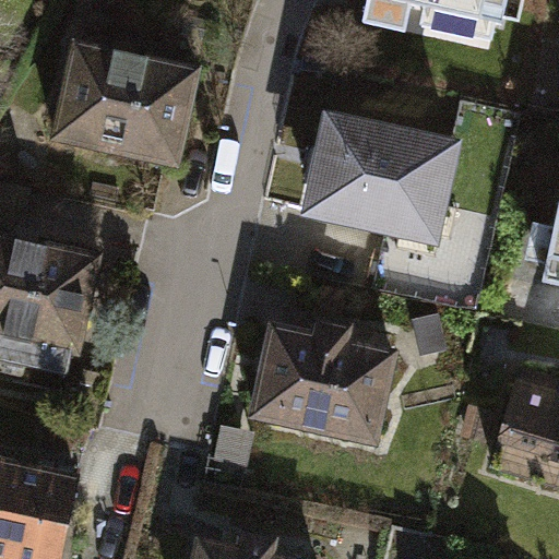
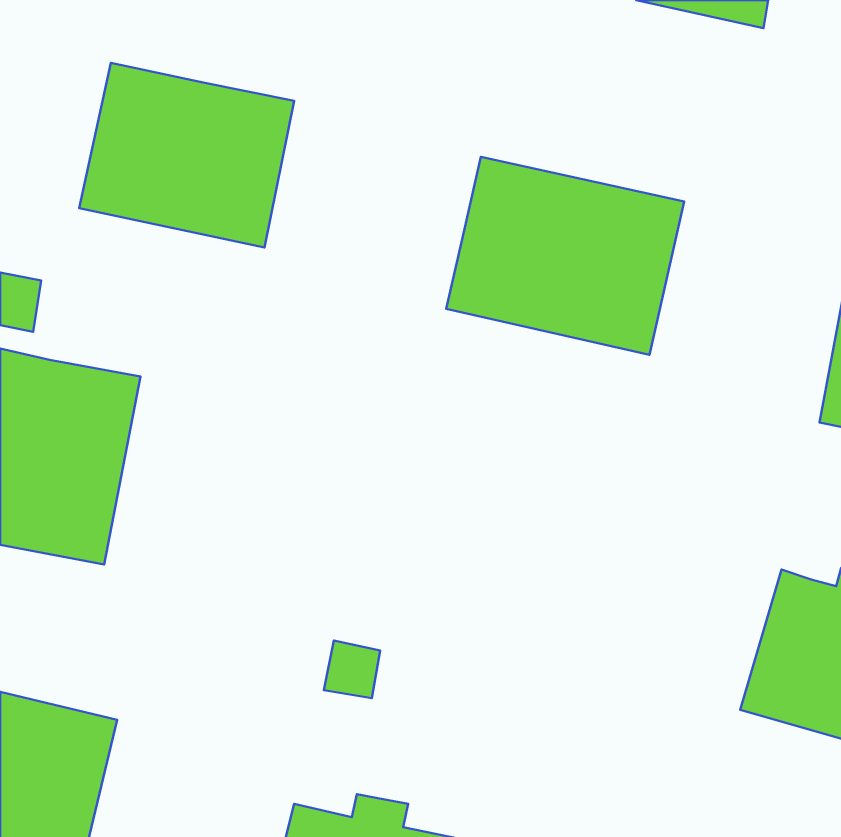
building: [246,316,402,448] -> none

